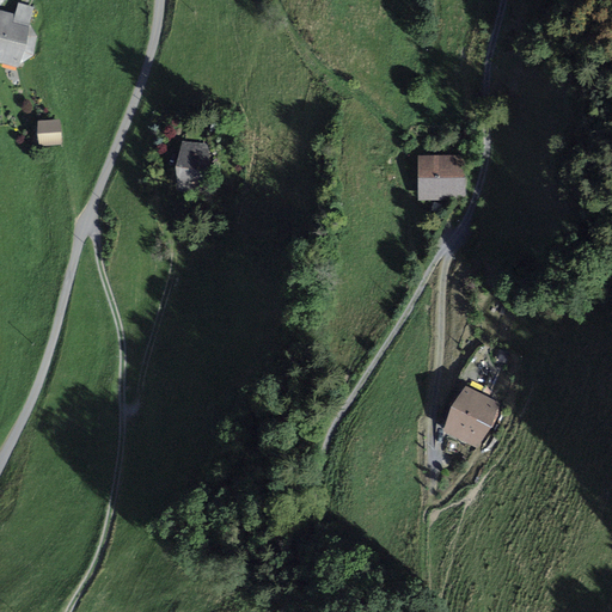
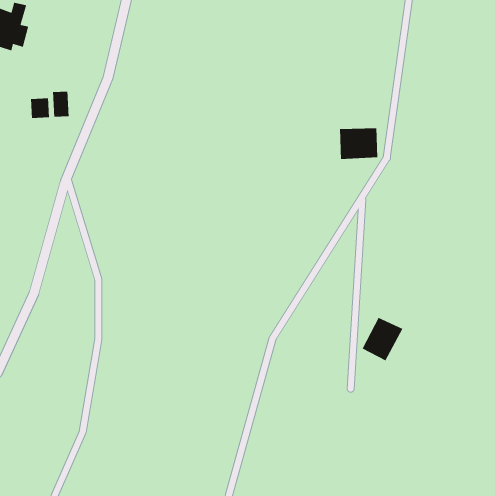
building: none -> [52,91,69,118]
building: [176,141,206,183] -> none

